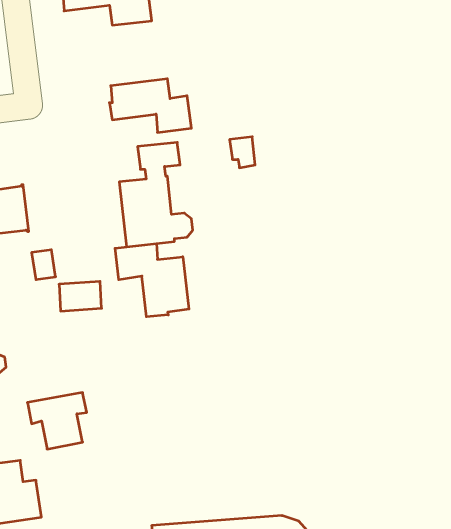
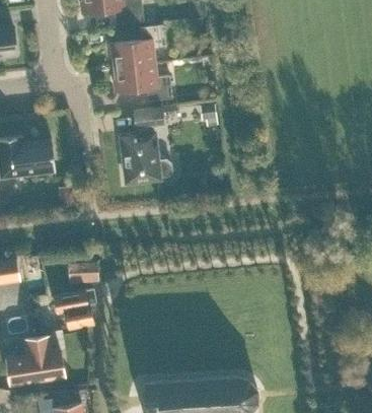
building: none -> [108,25,165,68]
building: [115,244,189,317] -> none
building: [59,281,102,311] -> [67,262,97,283]

